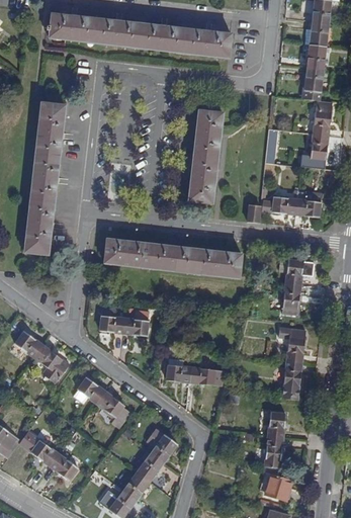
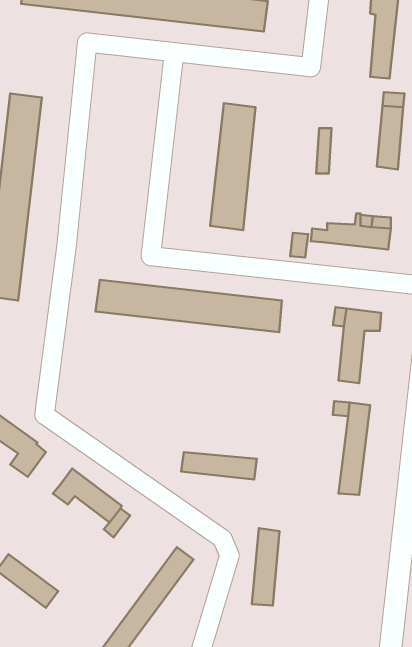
building: [100,309,148,335] -> none
building: [265,412,285,468] -> [252,528,280,606]
building: [265,473,293,501] -> none

